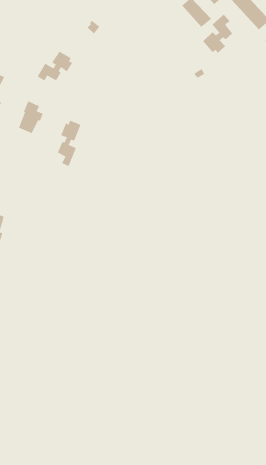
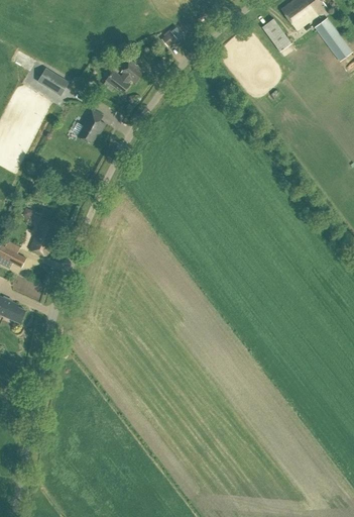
building: [202,14,233,54] -> none
building: [57,120,81,167] -> none

